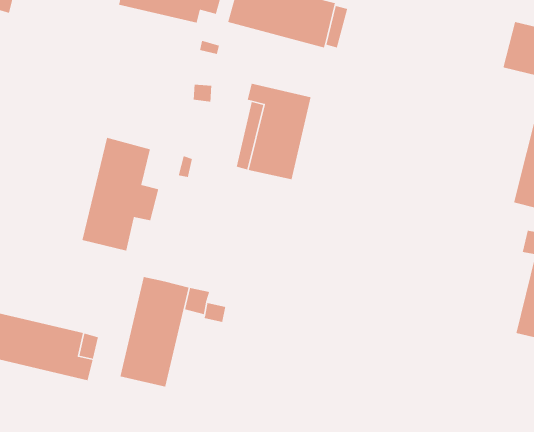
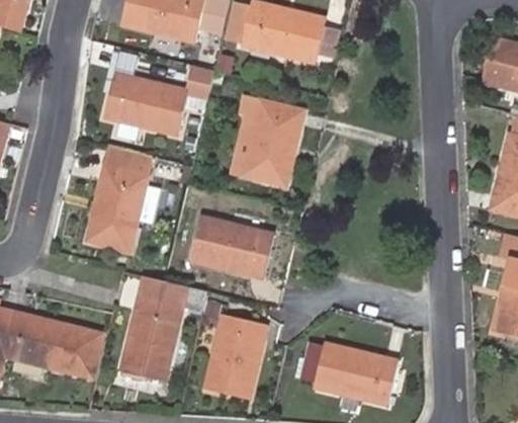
building: none -> [104,72,189,135]
building: none -> [189,218,275,276]
building: none -> [206,315,266,399]
building: none -> [300,341,398,414]

